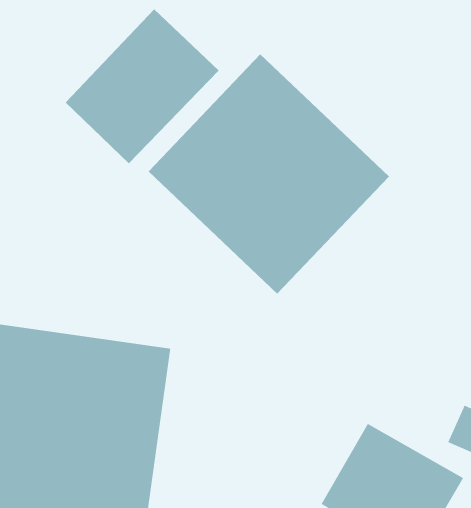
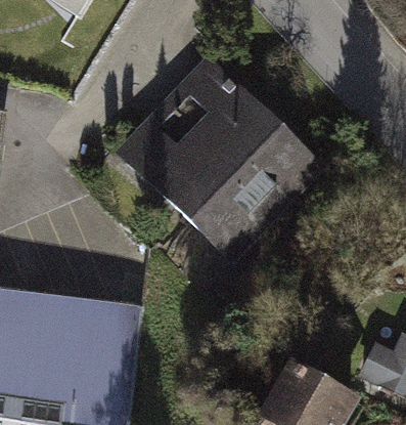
building: [65,8,219,164] -> none

